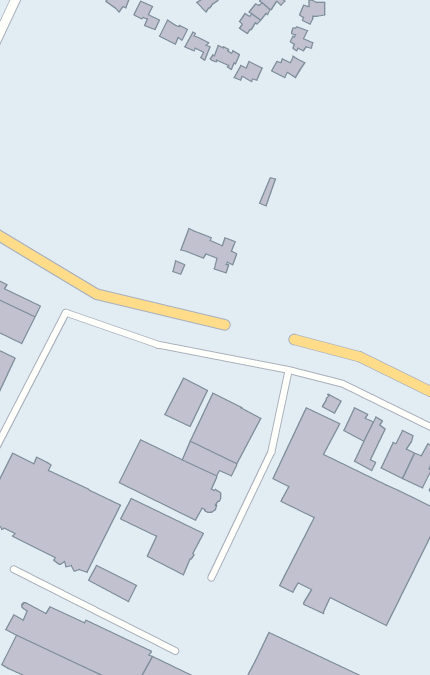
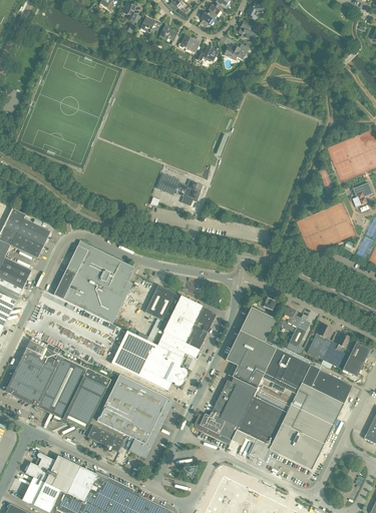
building: none -> [53,245,133,324]
building: none -> [194,378,256,445]
building: none -> [96,390,157,457]

